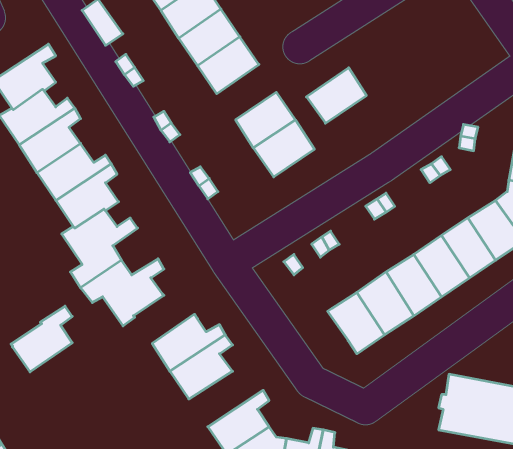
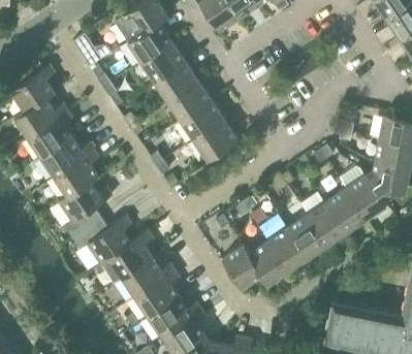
building: [306,68,366,123] -> [167,81,210,120]
building: none -> [222,245,260,289]
building: [11,306,72,372] -> [108,231,152,278]
building: none -> [148,297,200,336]

